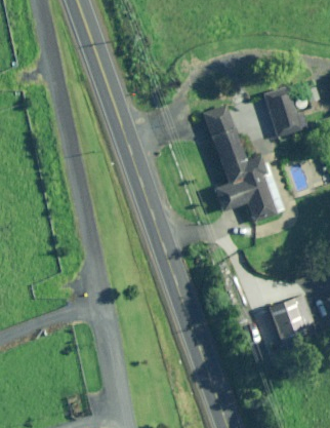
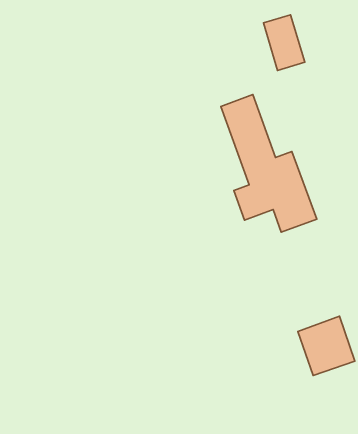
building: [264,87,300,135] -> [263,15,305,70]

